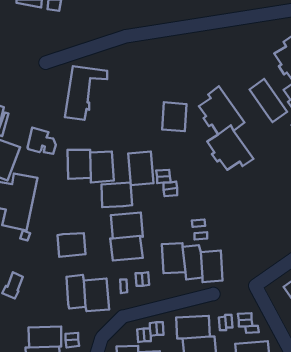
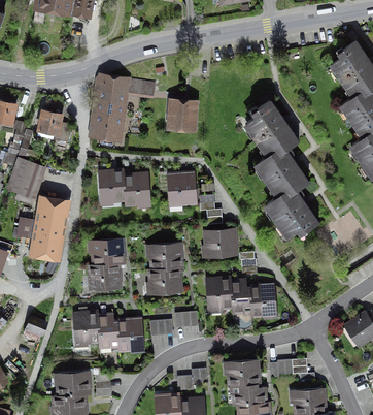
building: [249,79,287,122] -> none
building: [162,102,187,131] -> [169,100,197,133]
building: [28,128,56,154] -> [38,110,70,140]
building: none -> [267,185,318,236]
building: [101,183,132,207] -> [92,240,127,267]
building: none -> [202,231,235,261]
building: none -> [71,311,99,349]

